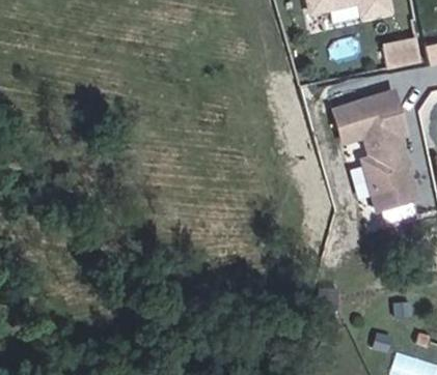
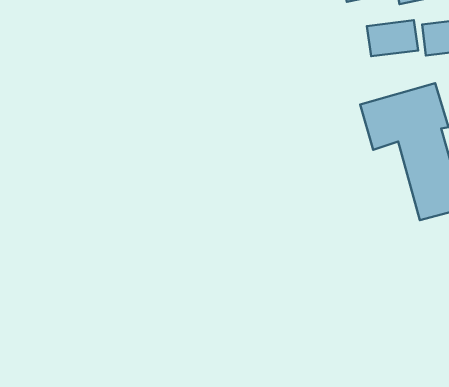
building: none -> [367,20,418,56]

